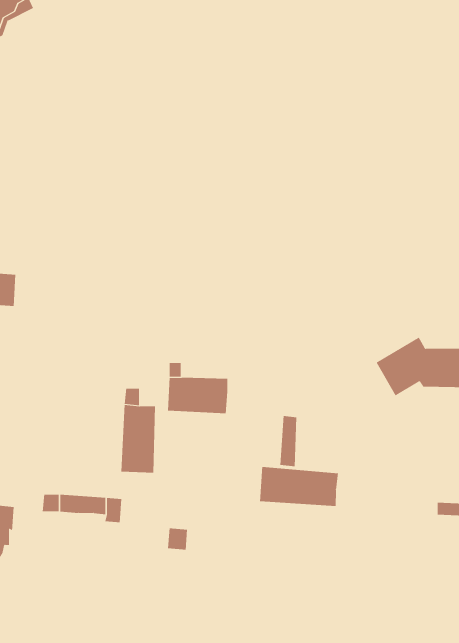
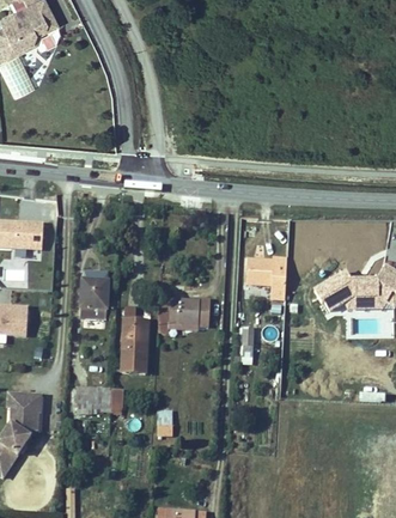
building: none -> [246,257,285,300]
building: none -> [80,272,108,321]
building: [259,466,338,507] -> none

